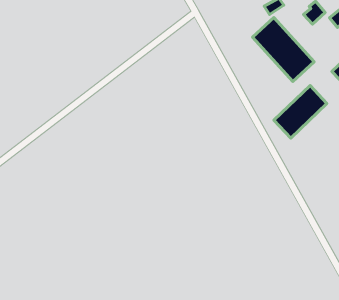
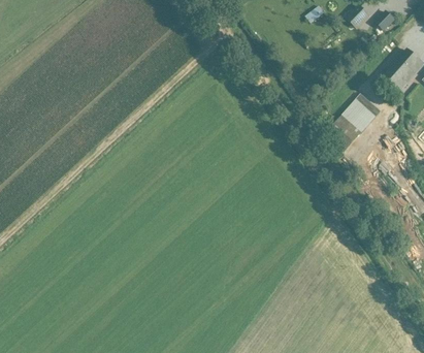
building: [253,17,314,81] -> none

